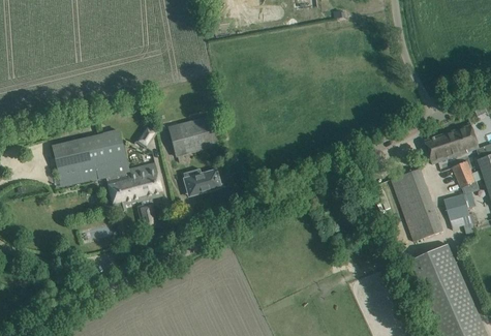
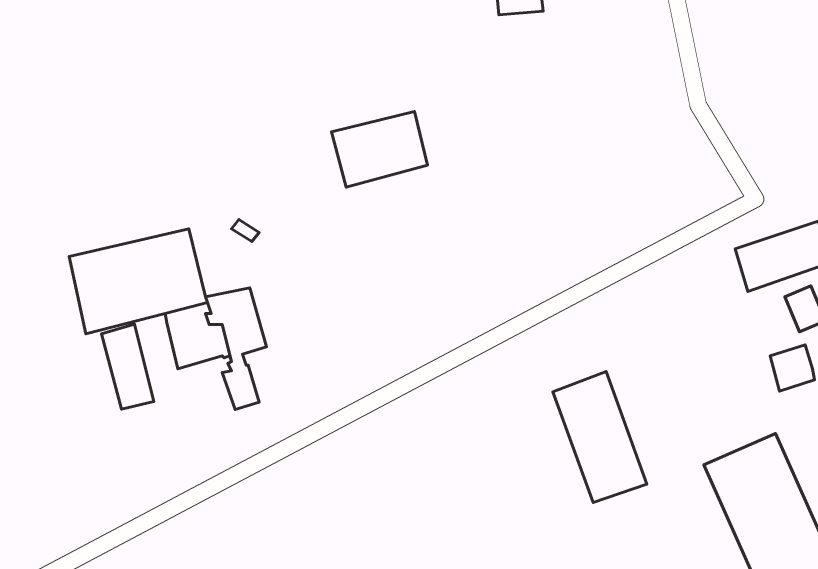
building: [167,114,221,156] -> [332,112,427,187]
building: [183,167,221,193] -> none
building: [391,167,443,241] -> [553,372,647,502]
building: none -> [102,324,154,409]

